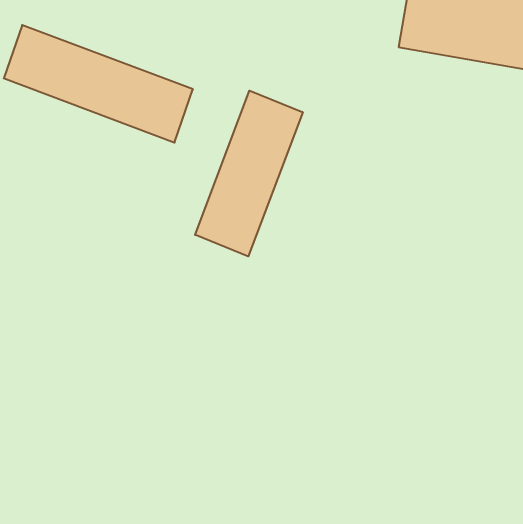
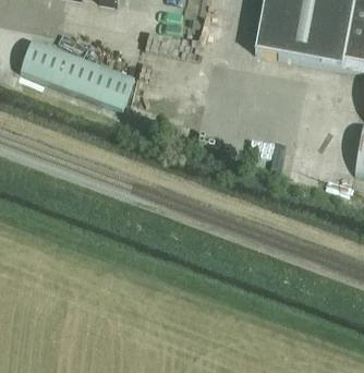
building: [195,91,303,256] -> none

